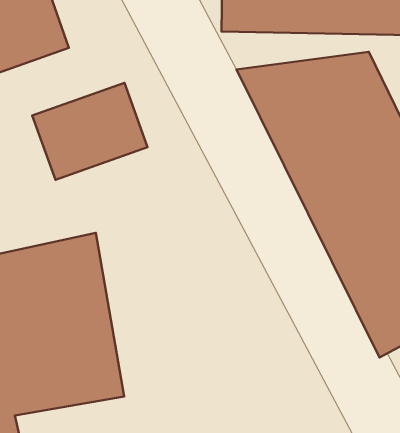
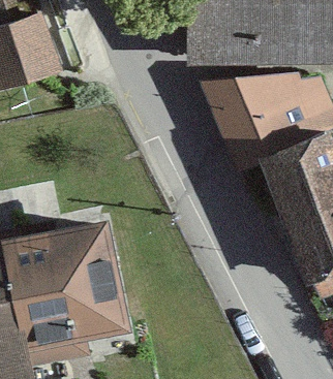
building: [32,83,147,180] -> none

